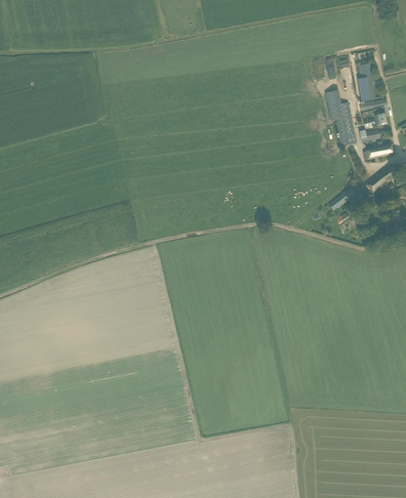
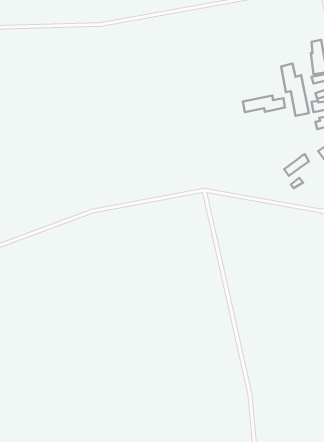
building: none -> [243,95,285,112]

